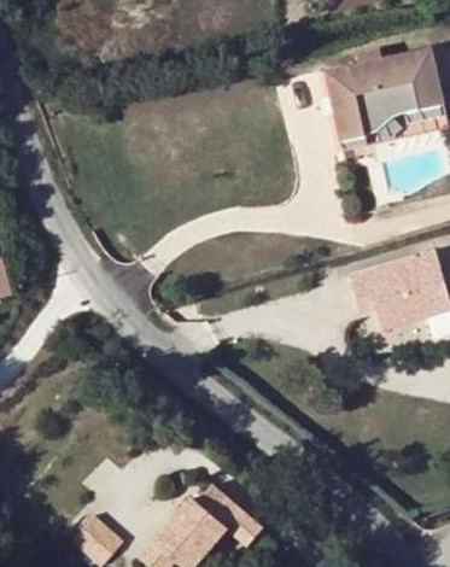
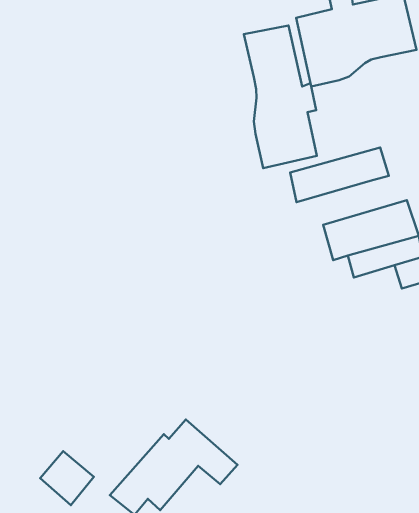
building: none -> [244,25,317,168]
building: none -> [290,148,389,202]

